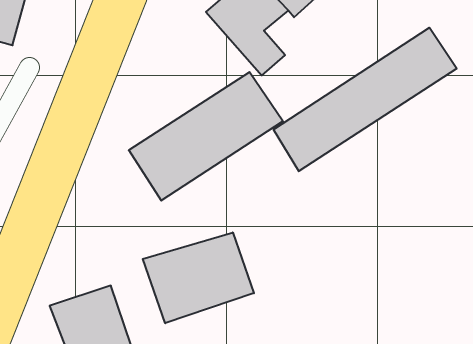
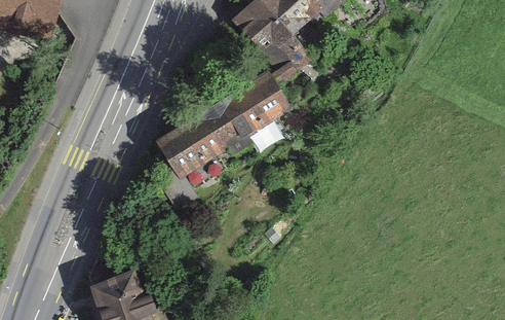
building: [274,28,457,171] -> none
building: [143,232,254,323] -> none

